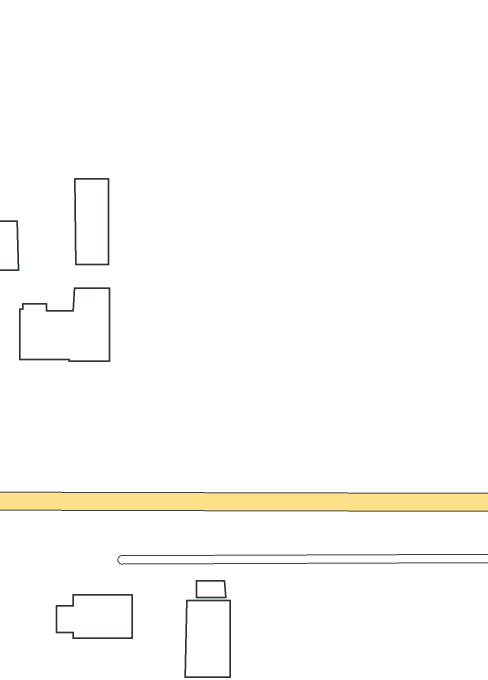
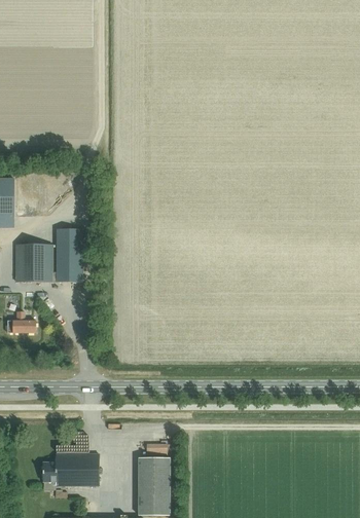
building: [75,179,109,264] -> none
building: none -> [6,312,35,333]

